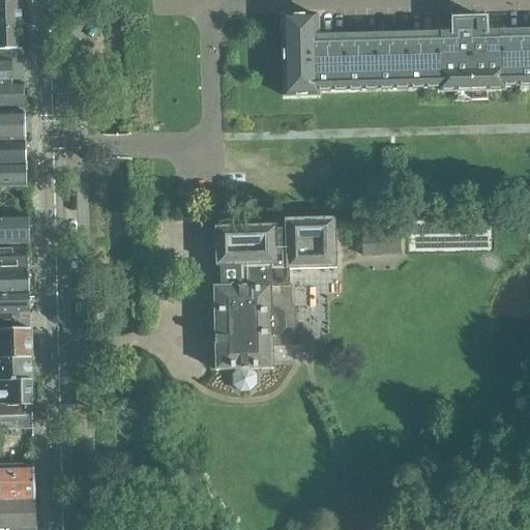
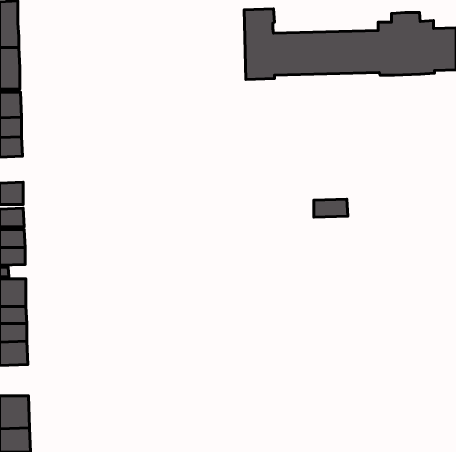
building: [213,214,336,382] -> none

